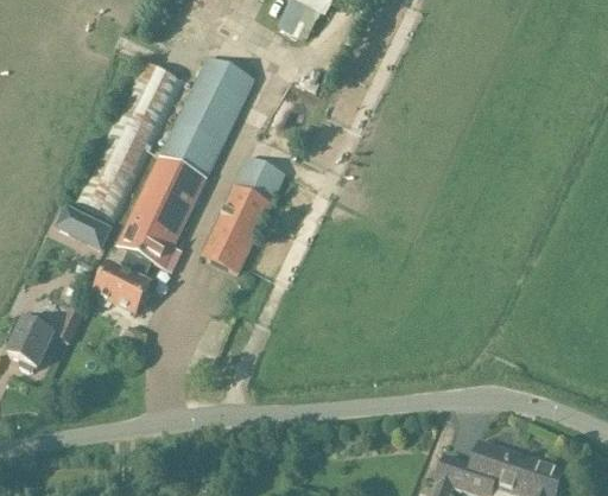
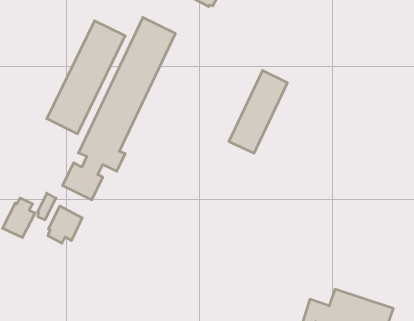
building: [202,154,285,272] -> [229,70,287,153]
building: [68,210,112,247] -> none
building: none -> [48,206,82,243]

